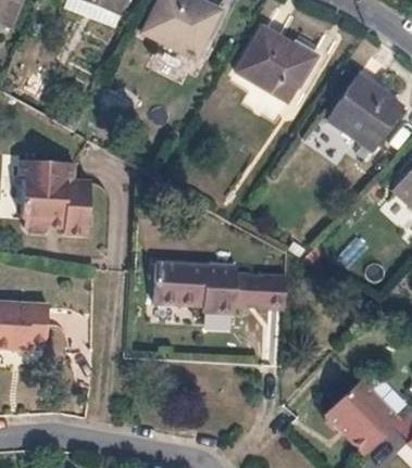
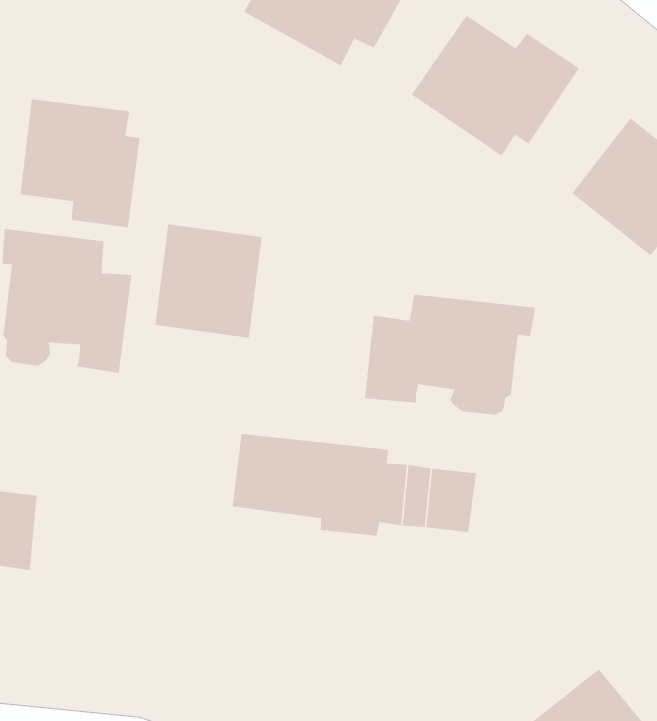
building: none -> [20,98,140,228]
building: none -> [155,224,262,338]
building: none -> [364,294,536,415]

